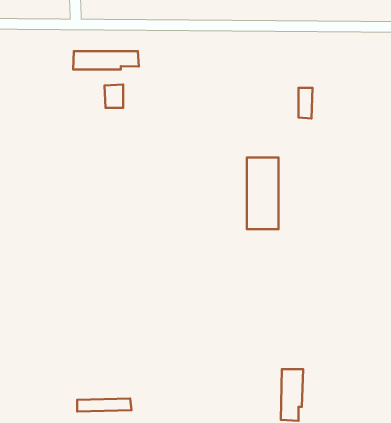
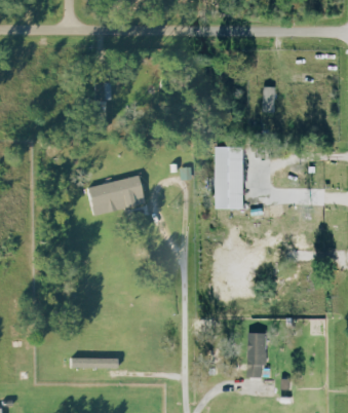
building: [73,51,139,70] -> none
building: none -> [85,178,143,216]

